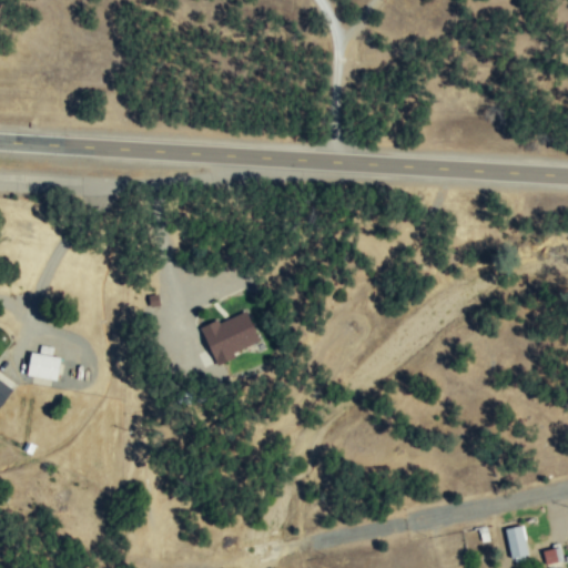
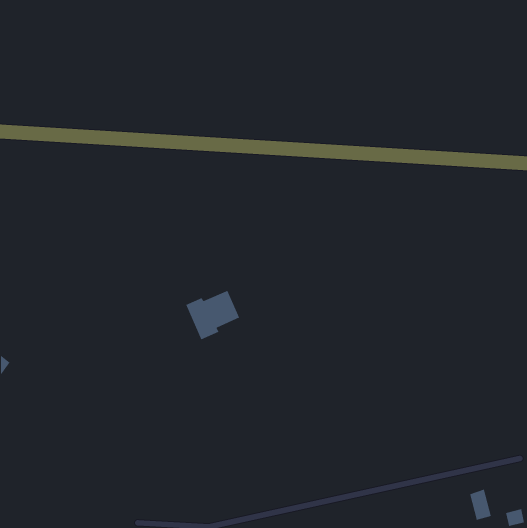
building: [27,352,61,381] -> none

